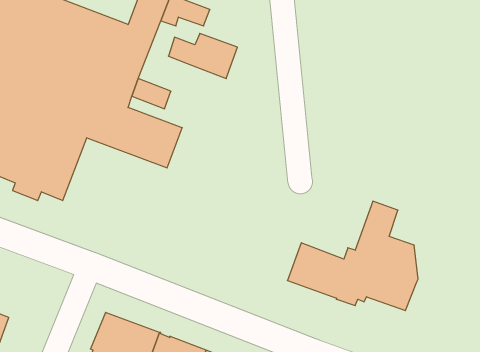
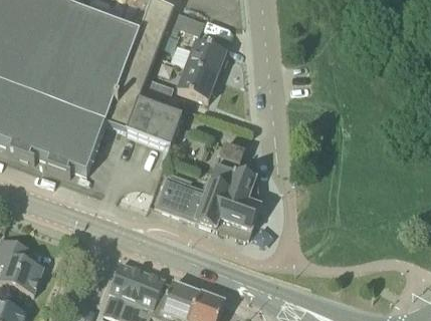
building: none -> [177,62,217,98]
building: [287,201,418,311] -> [156,141,260,229]

